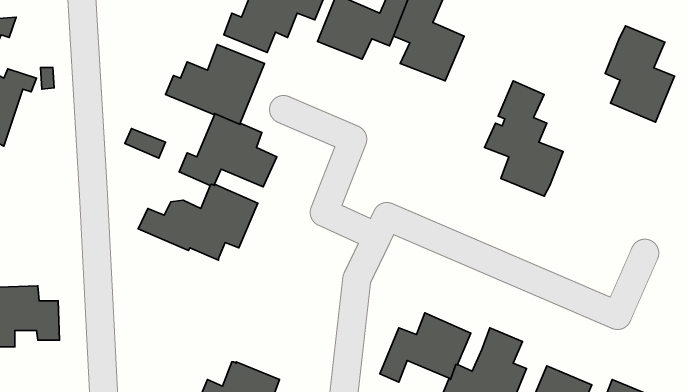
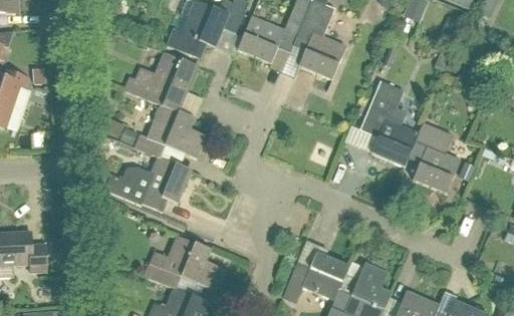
building: [605,26,674,122] -> [408,121,459,193]
building: none -> [144,234,222,289]

